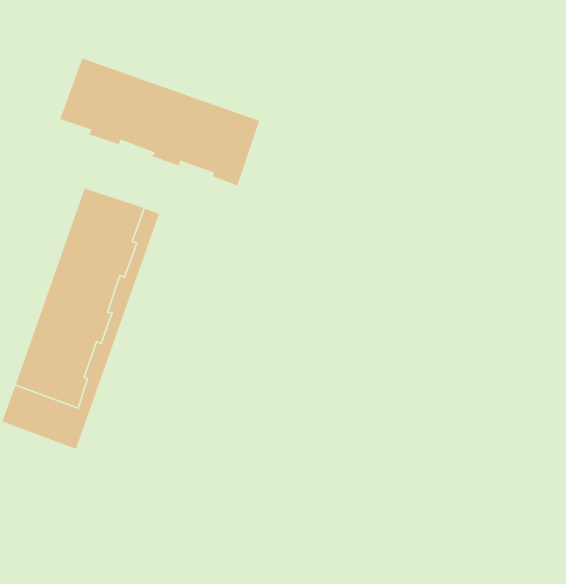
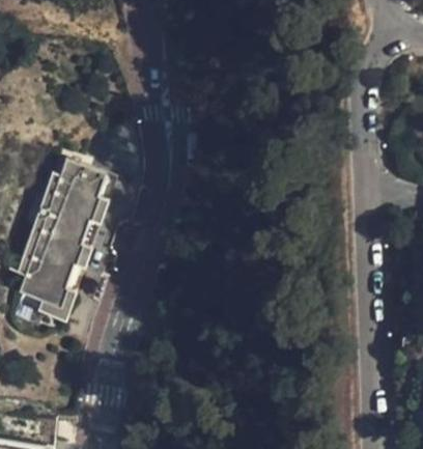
building: [59,58,260,187] -> none

